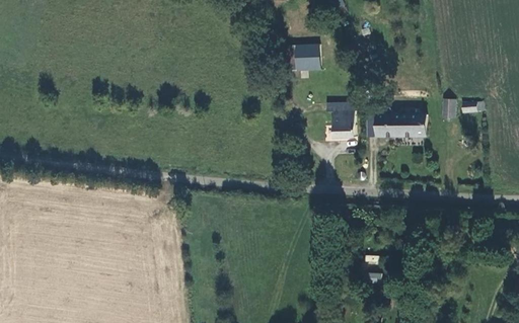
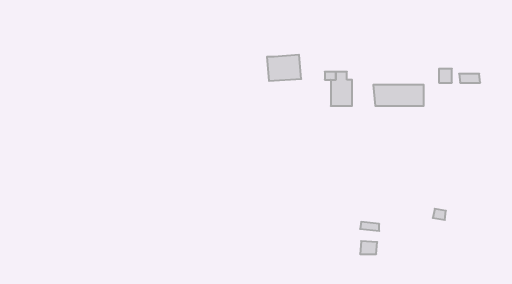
building: [285,44,319,70] -> [267,55,301,81]

